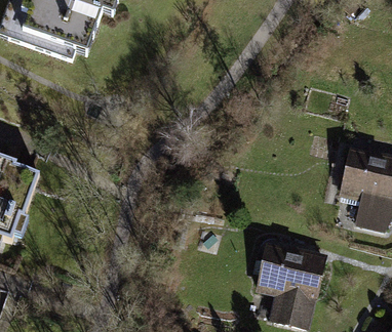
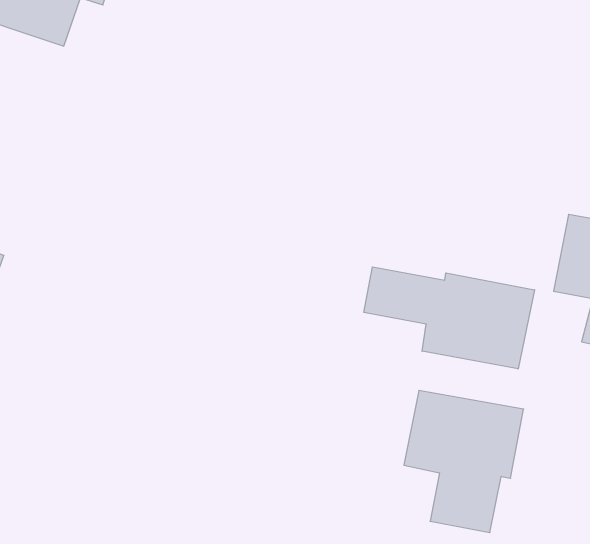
building: none -> [364,267,535,369]

